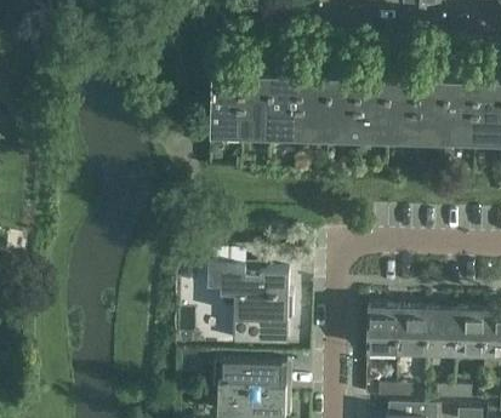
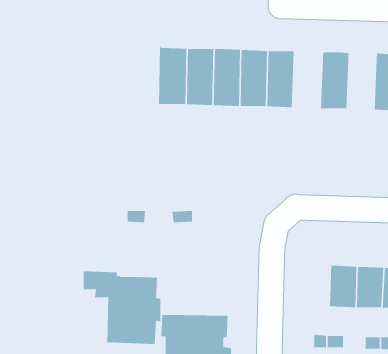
building: [355,78,388,142] -> none
building: [415,79,446,143] -> none
building: [207,268,292,348] -> [83,271,161,345]
building: [366,310,397,356] -> none

